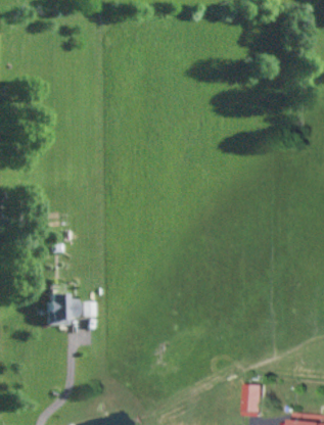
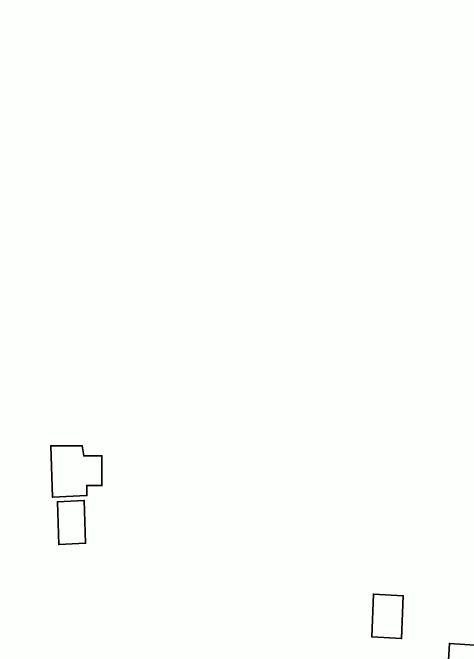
building: none -> [57,500,86,545]

